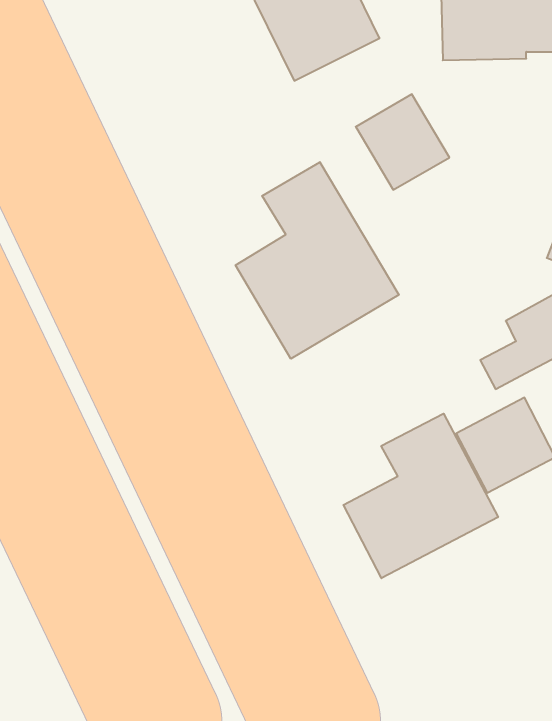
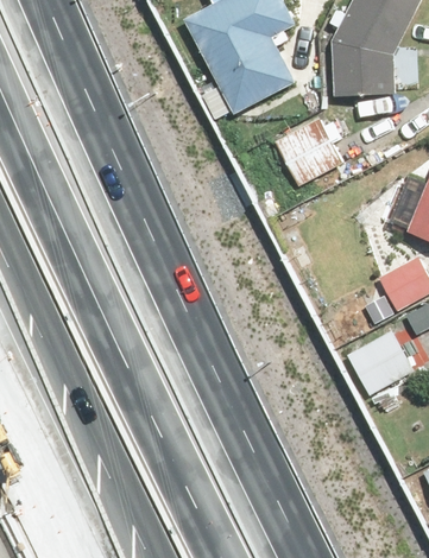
building: [236,162,399,359] -> none
building: [343,414,498,578] -> none

